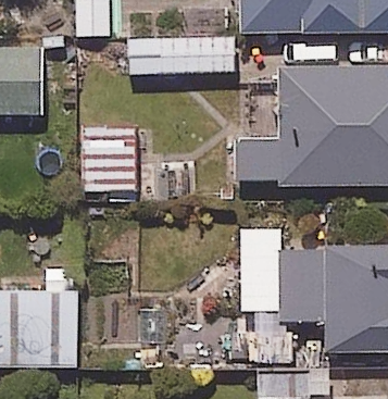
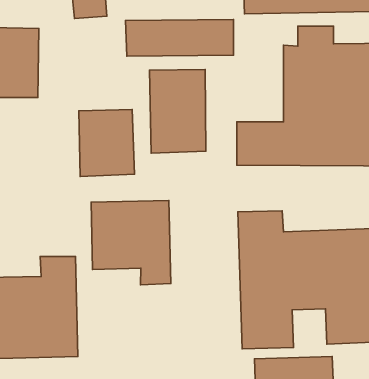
building: none -> [149,70,206,153]
building: none -> [91,200,171,285]

